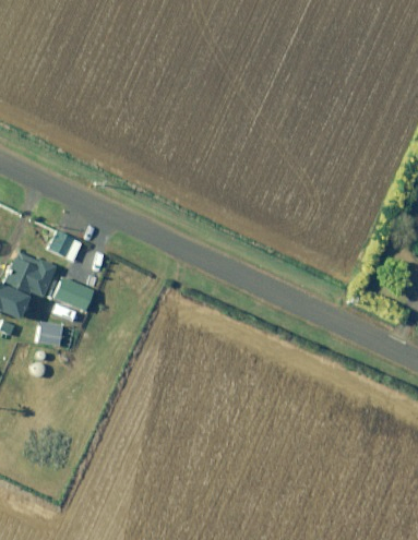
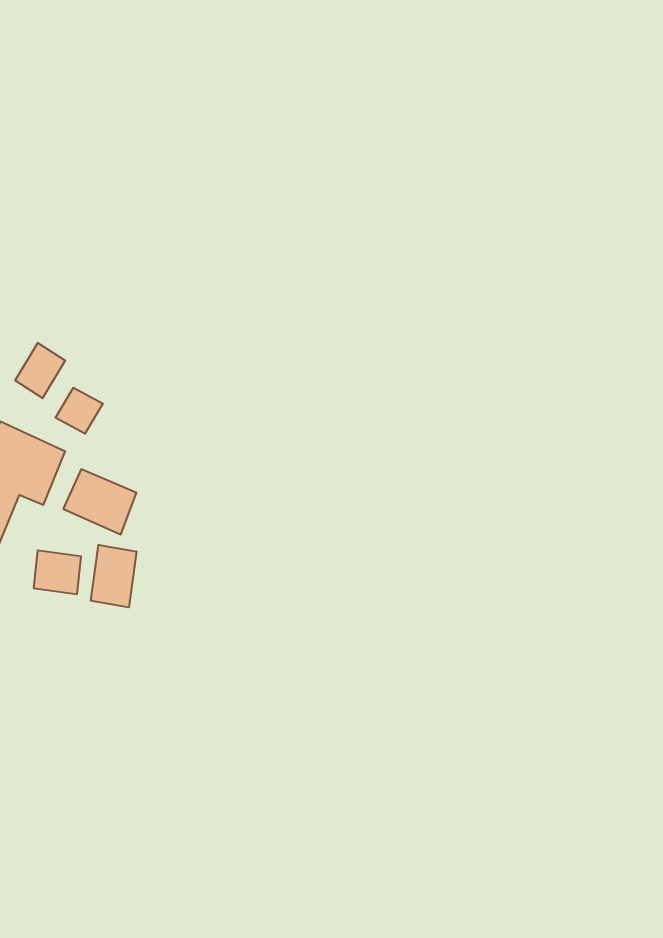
building: none -> [15,343,65,398]
building: none -> [91,545,136,607]

